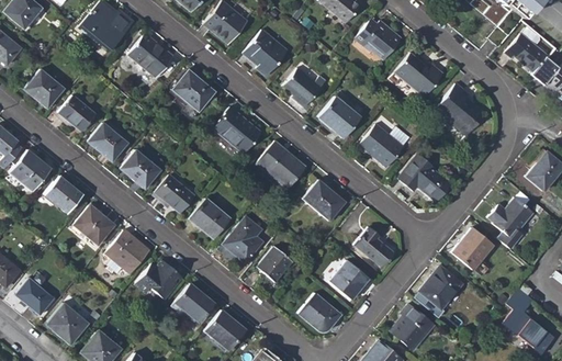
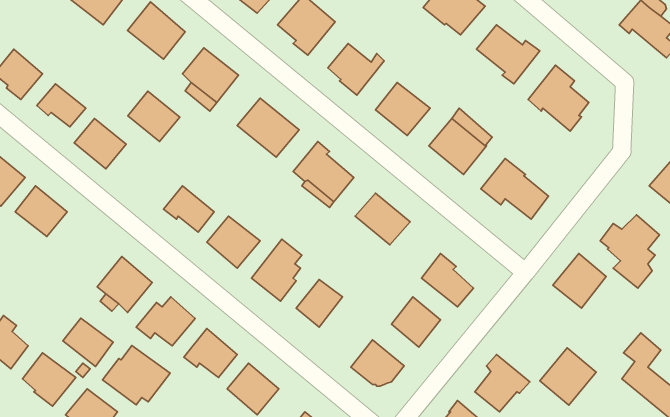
building: [122,150,161,189] -> [128,91,180,142]
building: [74,204,115,246] -> none
building: [422,266,464,309] -> [540,348,596,405]
building: none -> [63,318,113,366]
building: none -> [102,345,170,405]

